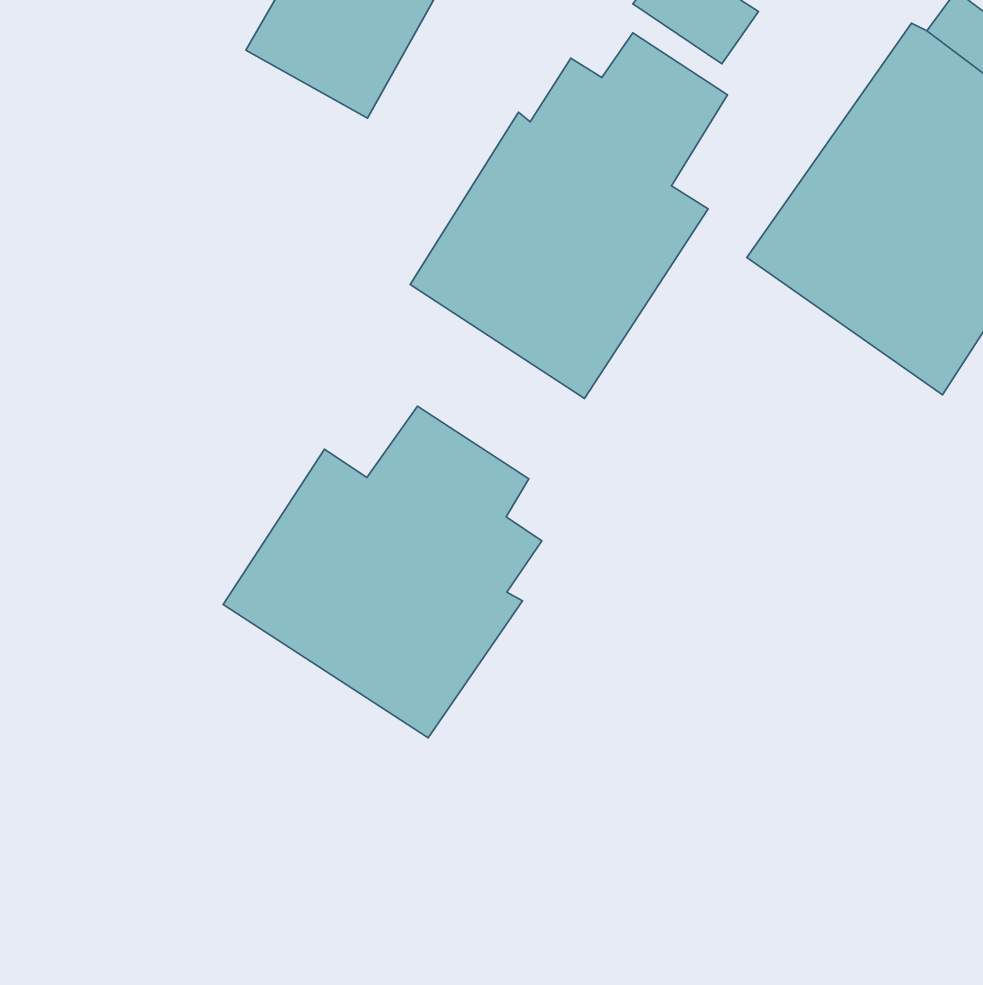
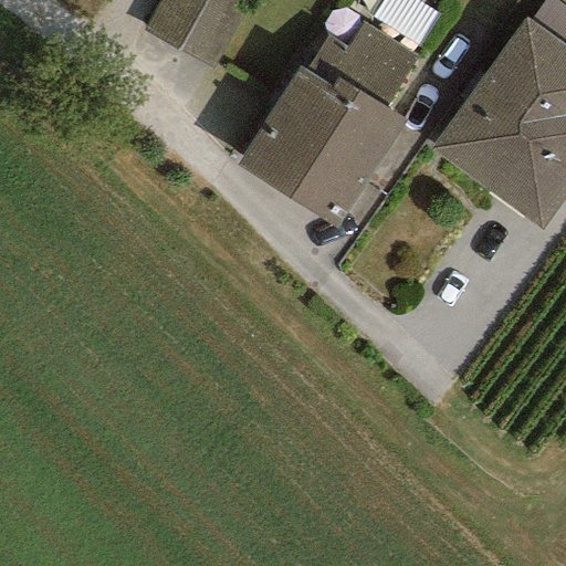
building: [223,406,542,738] -> none

